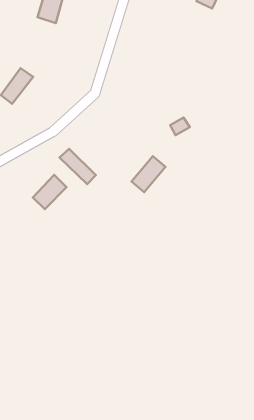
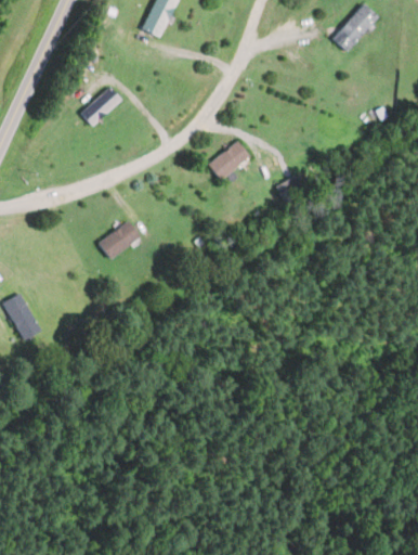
building: [60,149,96,184] -> none
building: [132,156,165,192] -> [208,140,251,181]

